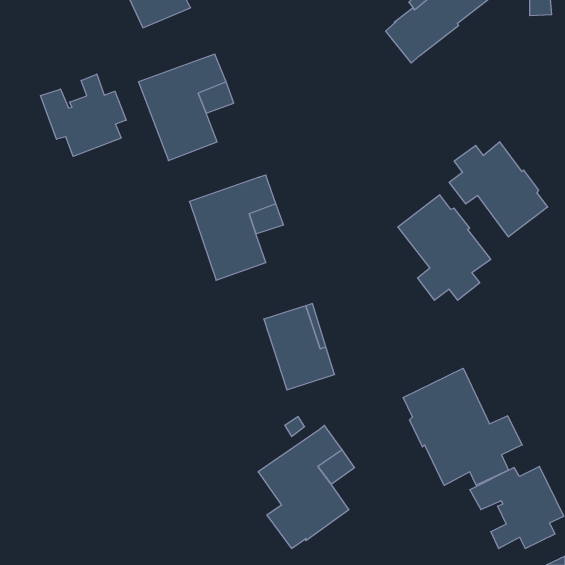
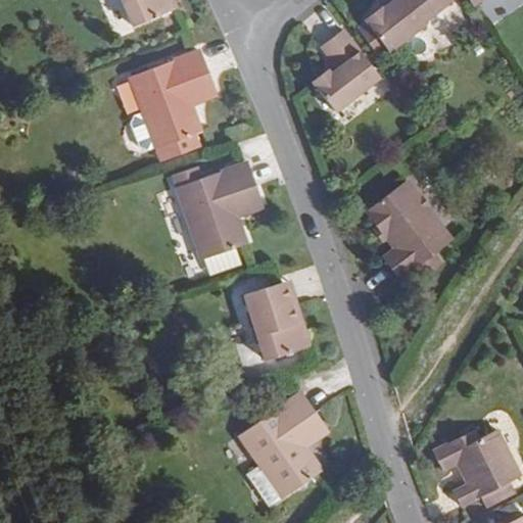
building: none -> [314,35,381,115]
building: [40,74,126,156] -> none
building: [449,142,548,237] -> none
building: [403,368,522,485] -> none

